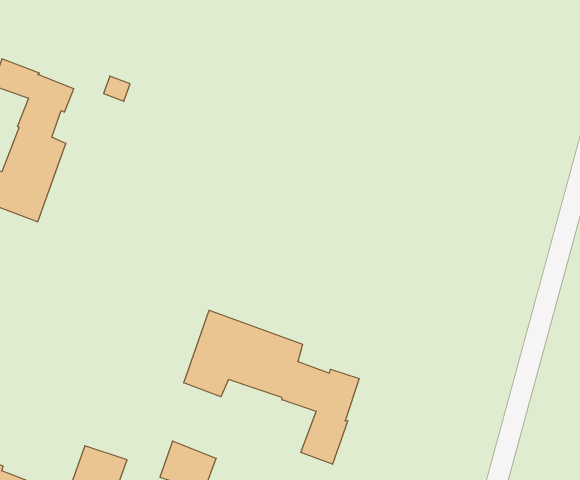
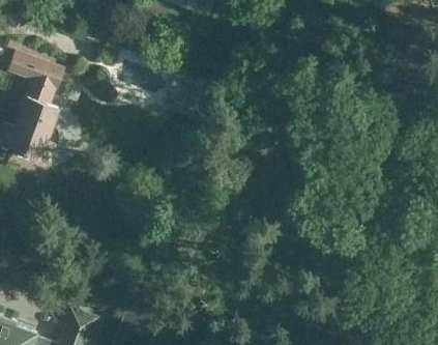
building: [184,310,359,464] -> none

